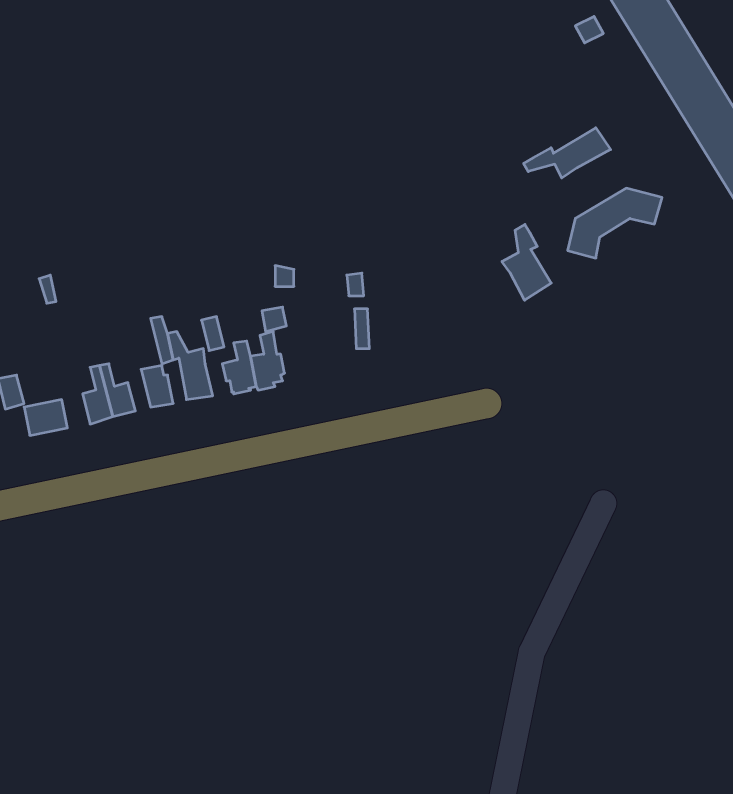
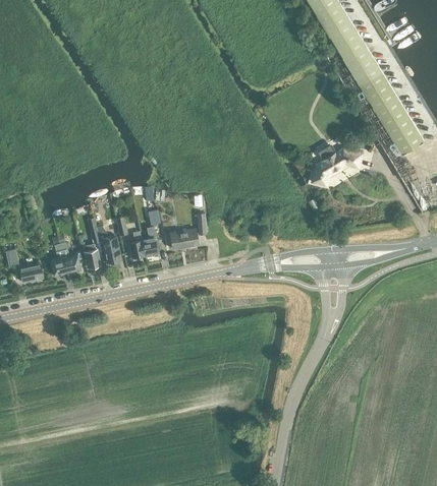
building: [524,128,611,178] -> none
building: [502,224,551,300] -> none
building: none -> [169,228,197,248]

